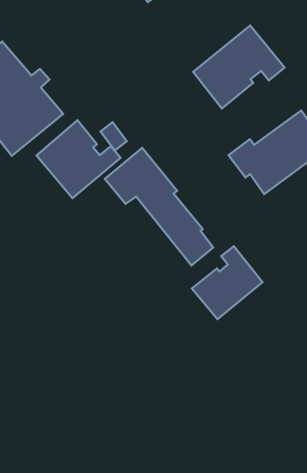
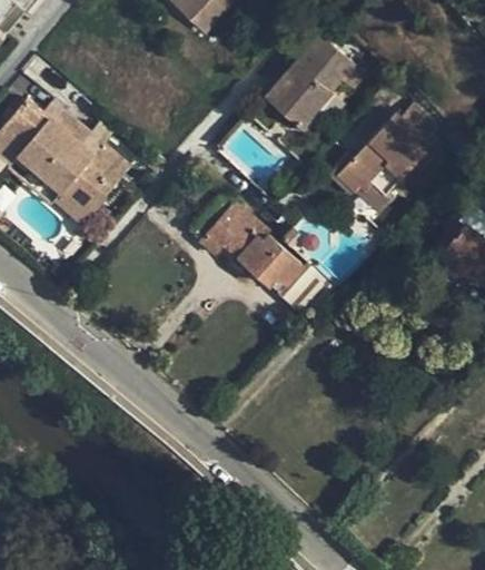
building: [36,120,120,198] -> none
building: [192,246,263,319] -> none

